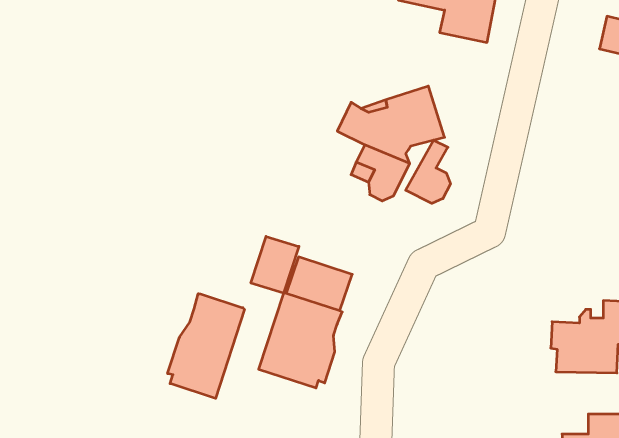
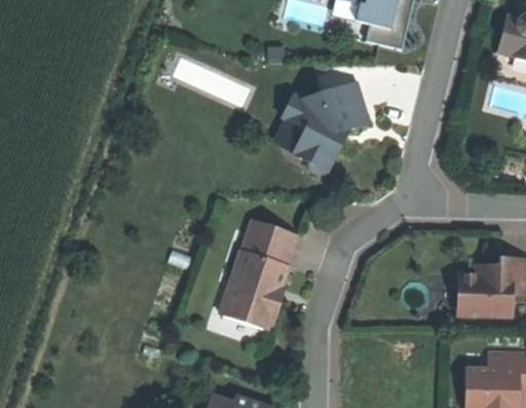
building: [406,140,450,203] -> none
building: [251,236,299,293] -> none
building: [168,294,244,398] -> none

